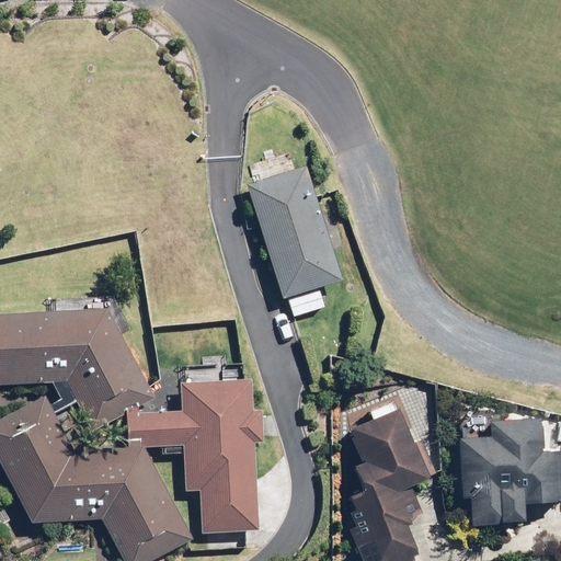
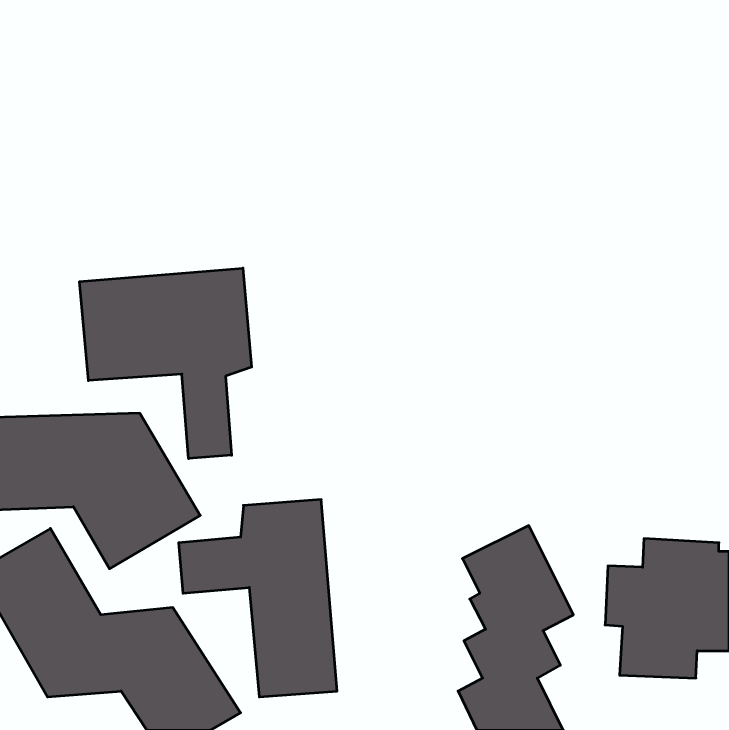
building: [248,160,346,312] -> none
building: none -> [80,268,252,459]

